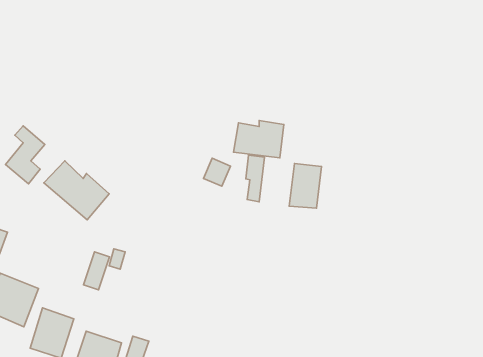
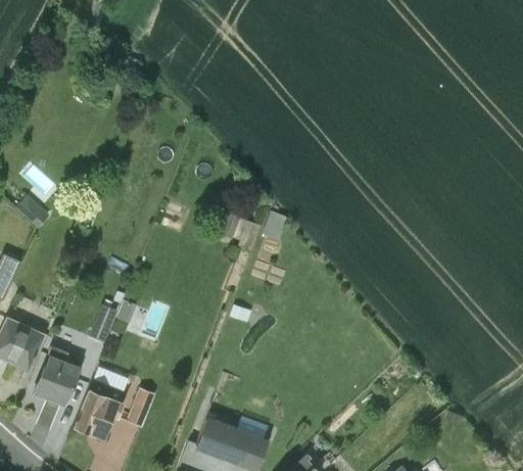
building: [234,121,284,158] -> none
building: [44,161,109,220] -> none
building: [289,163,322,208] -> none

